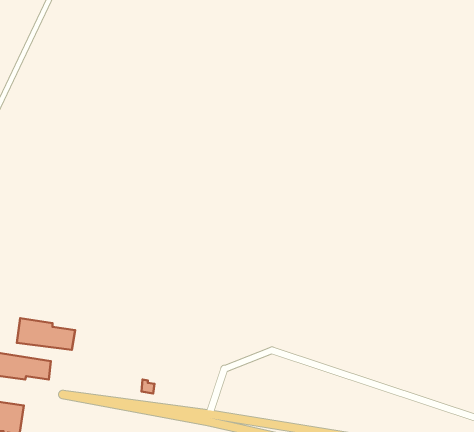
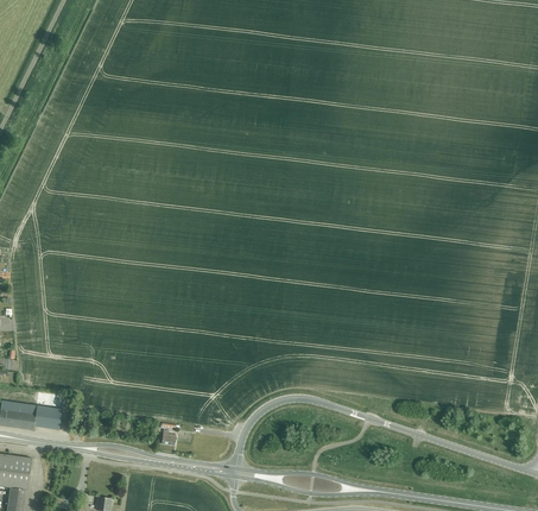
building: [17,318,75,350] -> none

